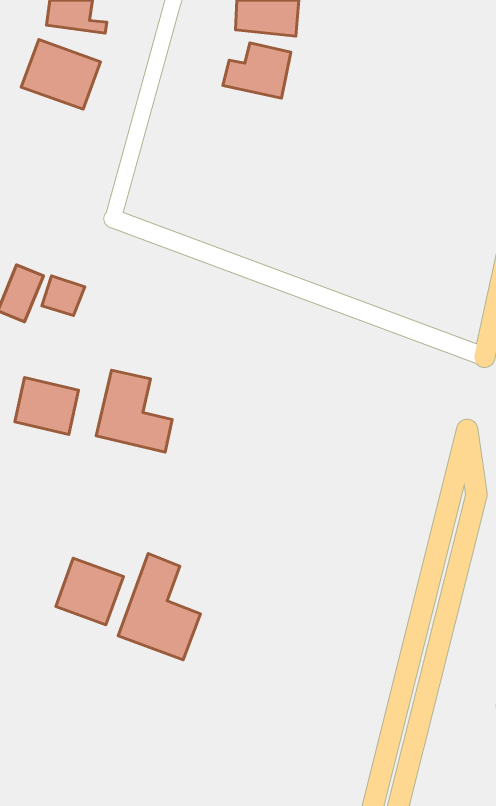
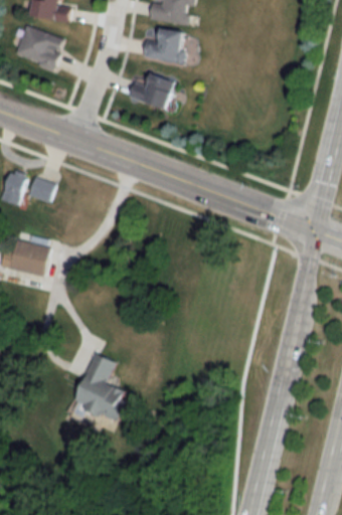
building: none -> [129,74,175,109]
building: [96,370,172,452] -> none
building: [56,558,123,625] -> none

